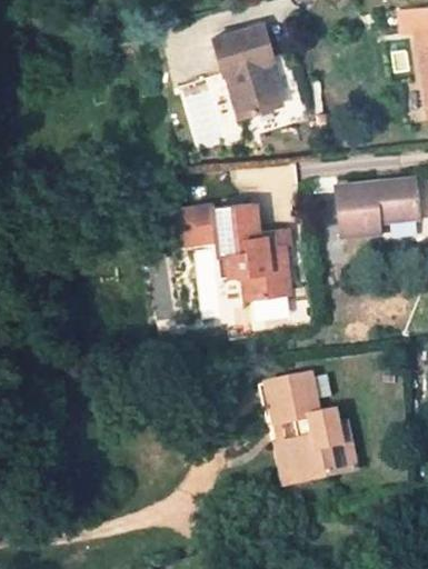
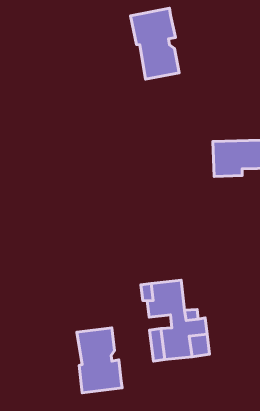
building: [180,203,289,299] -> none
building: none -> [77,328,122,393]

